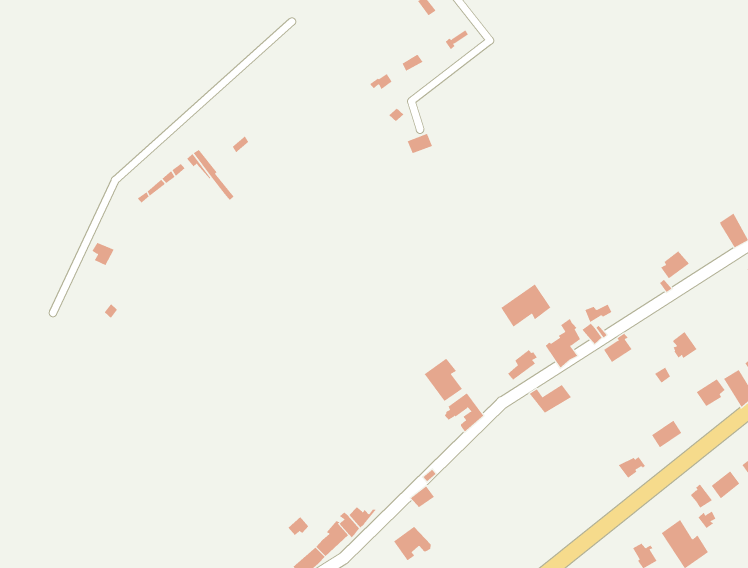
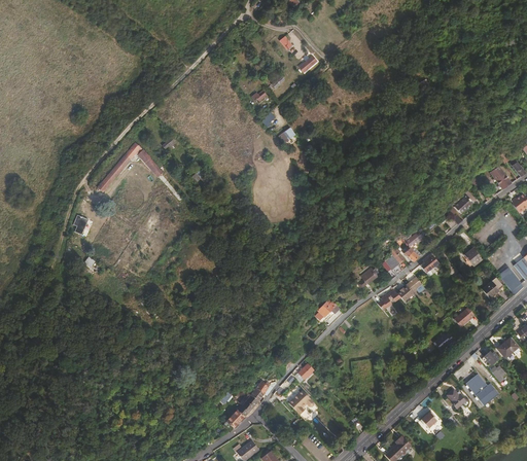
building: [500,283,551,328] -> none
building: [424,358,463,402] -> none

